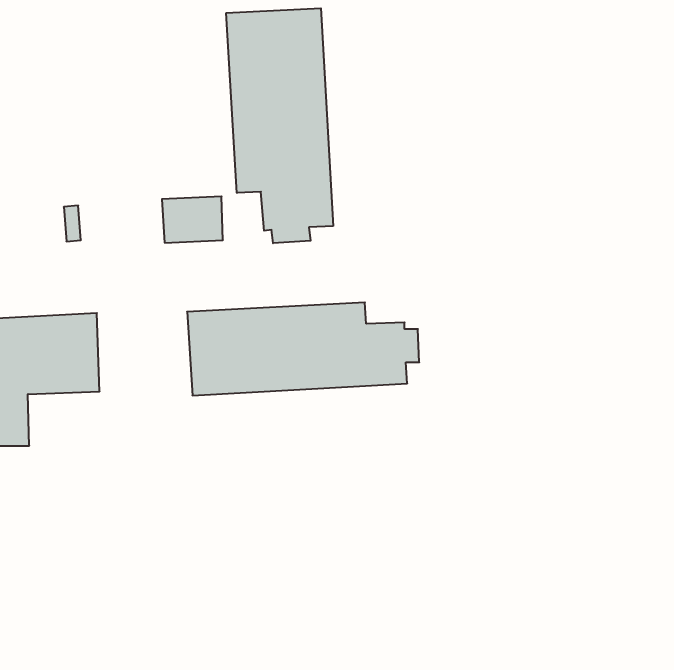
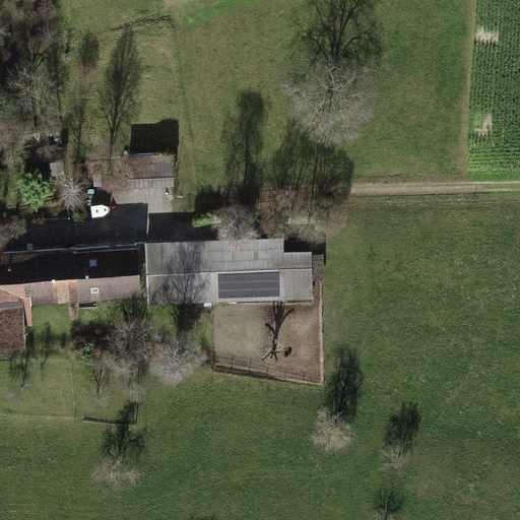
building: [226,8,333,243] -> none
building: none -> [74,244,137,306]

